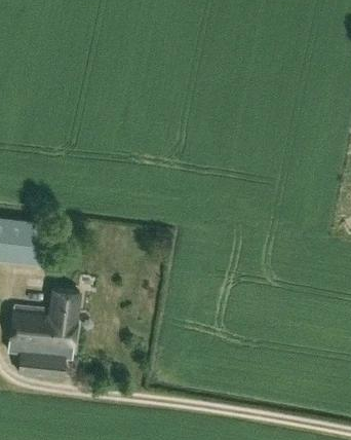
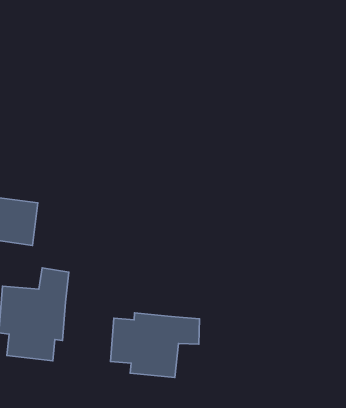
building: none -> [111,313,200,378]

